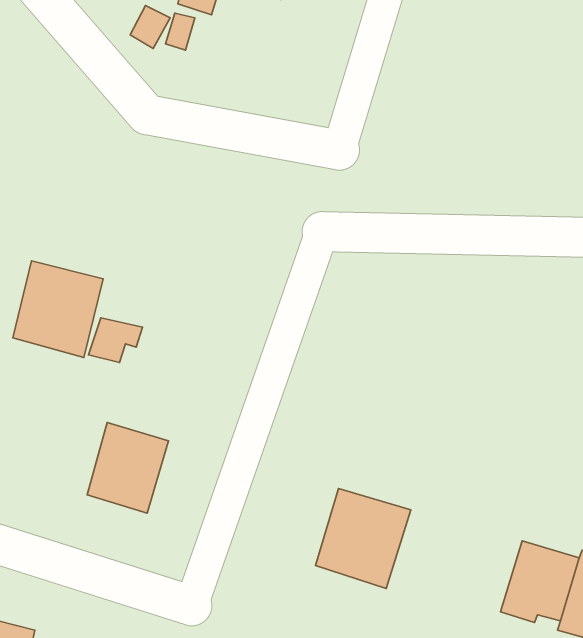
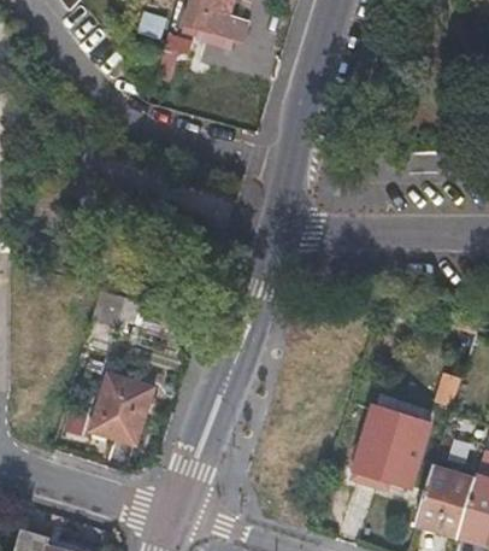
building: [13,261,103,358] -> none
building: [315,488,411,588] -> [353,406,428,485]

